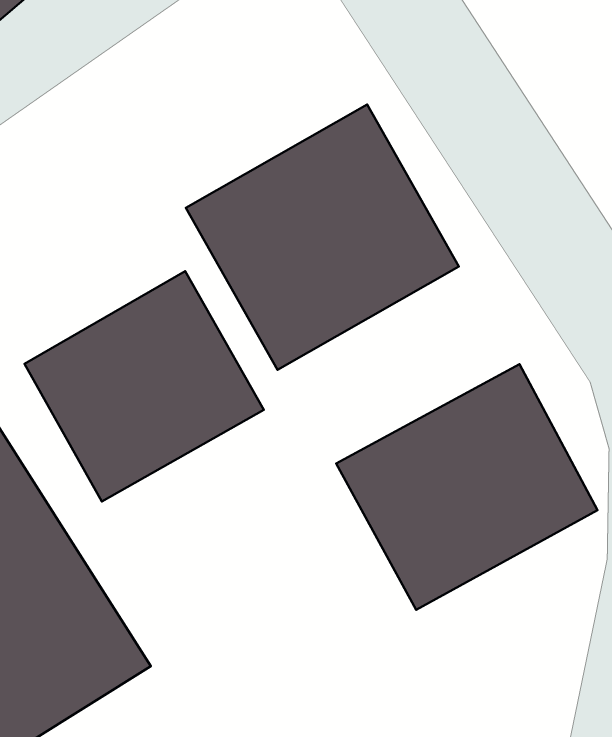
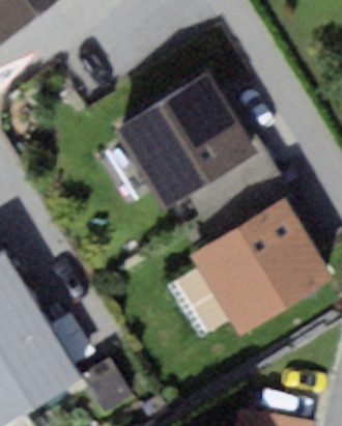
building: [24,271,264,502] -> none

